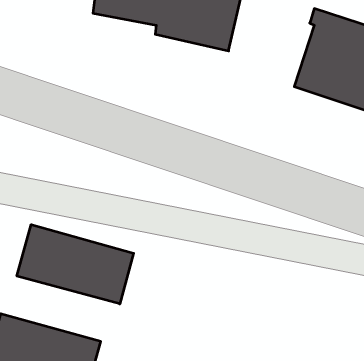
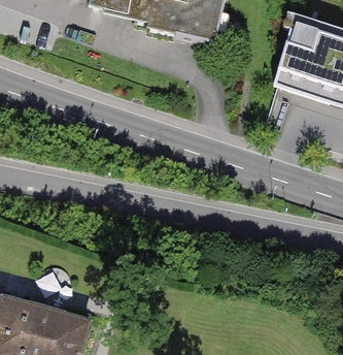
building: [17,225,134,304] -> none

